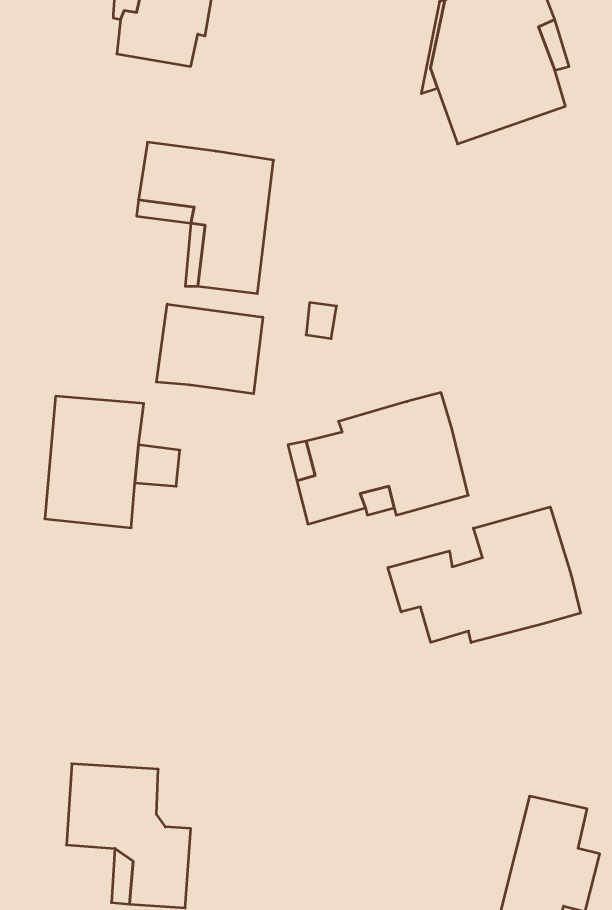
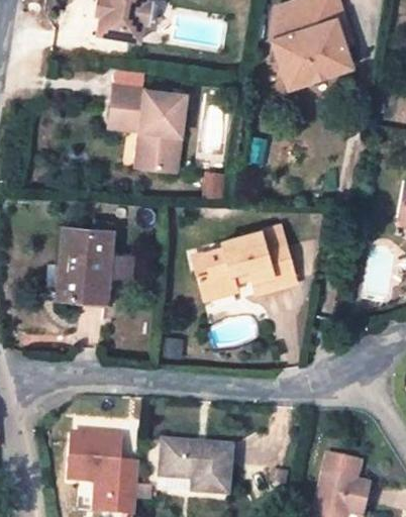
building: [156,304,263,394] -> none
building: [388,507,581,643] -> none
building: none -> [160,441,230,493]

